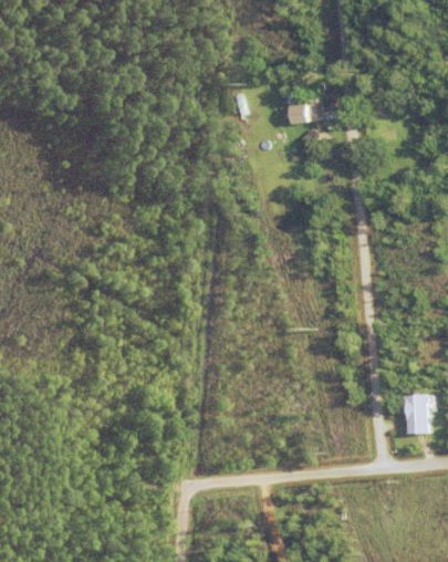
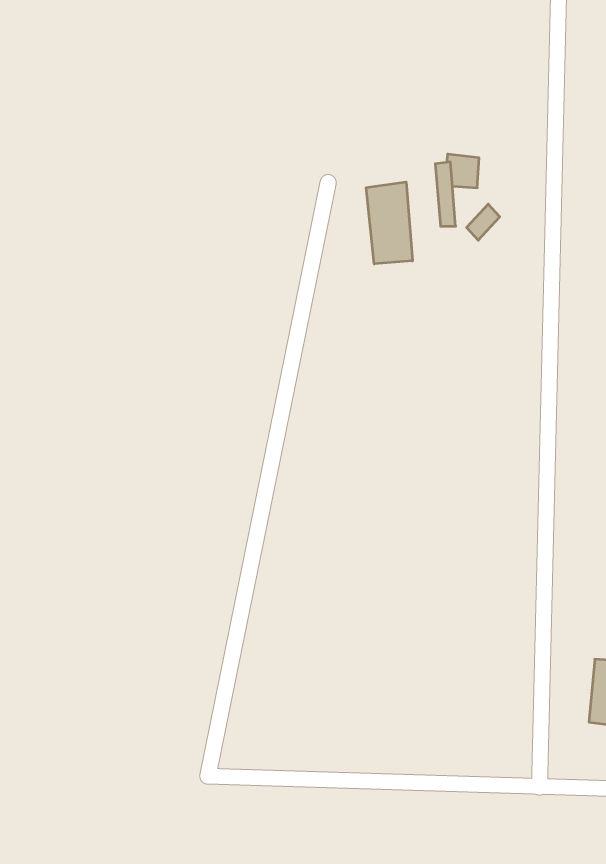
building: none -> [366,182,412,264]

